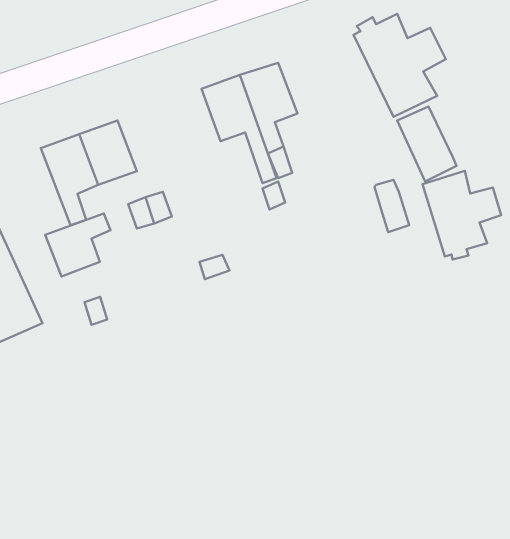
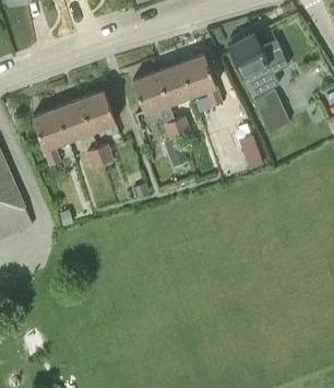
building: none -> [180,55,222,107]
building: none -> [80,91,116,131]
building: [423,171,501,260] -> none
building: [45,213,111,277] -> none

